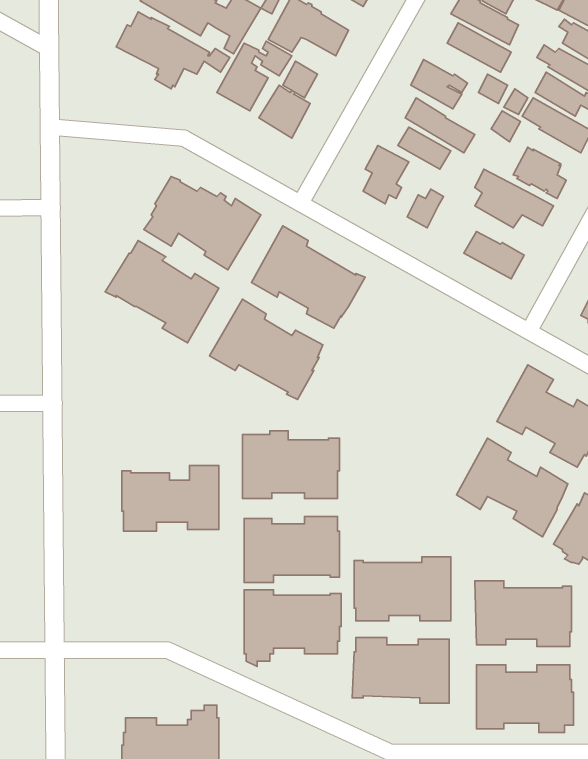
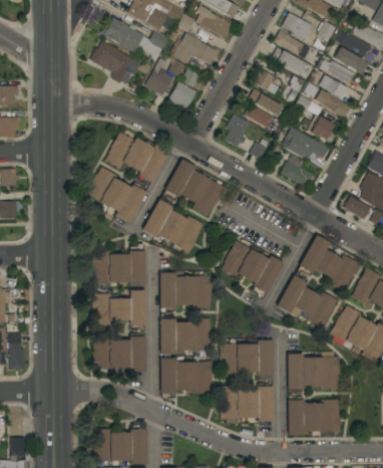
building: none -> [222,240,284,299]
building: none -> [93,244,145,286]
building: none -> [93,336,146,372]

